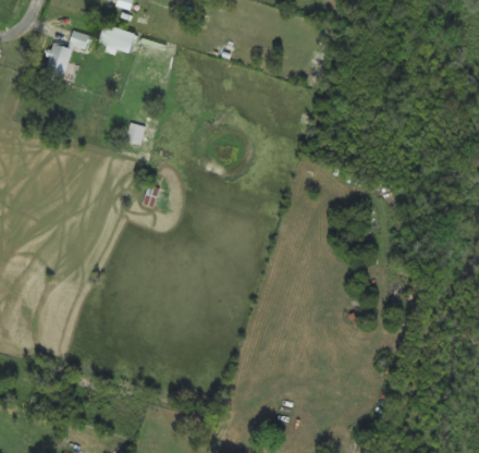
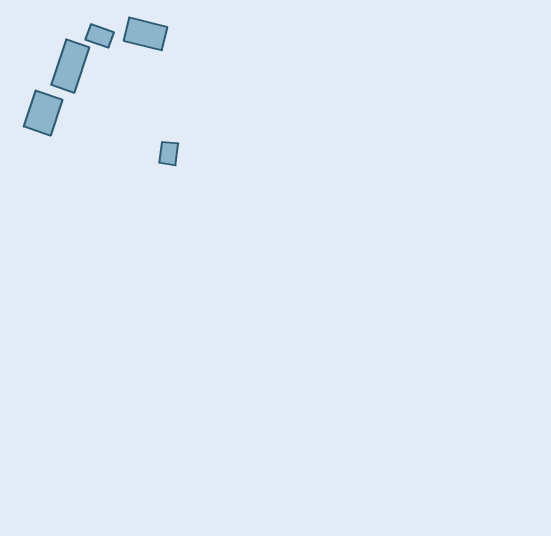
building: none -> [24,90,62,136]

